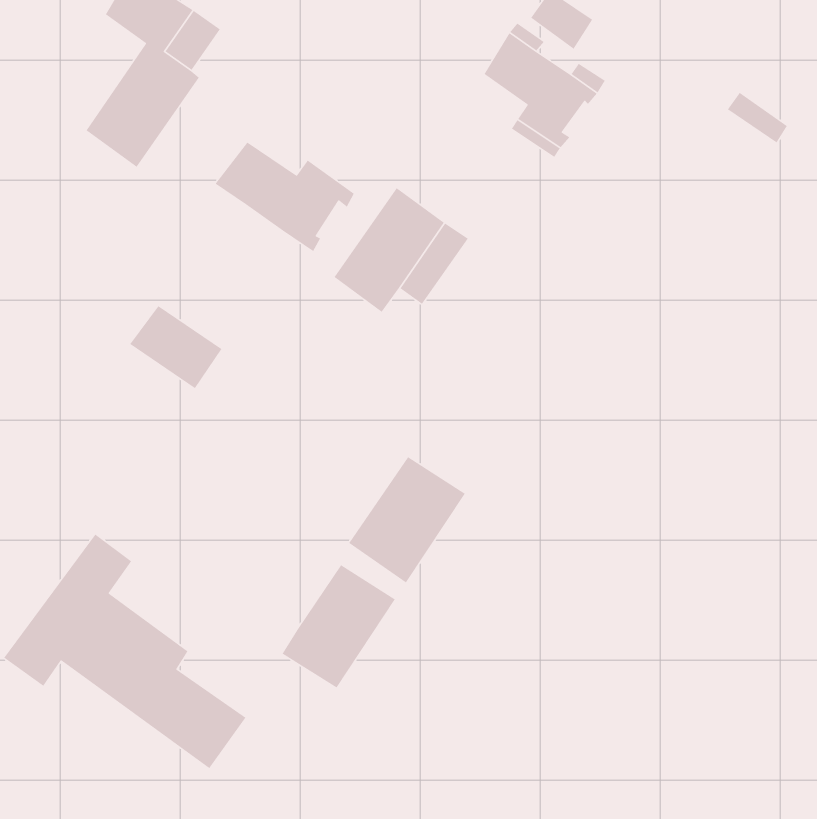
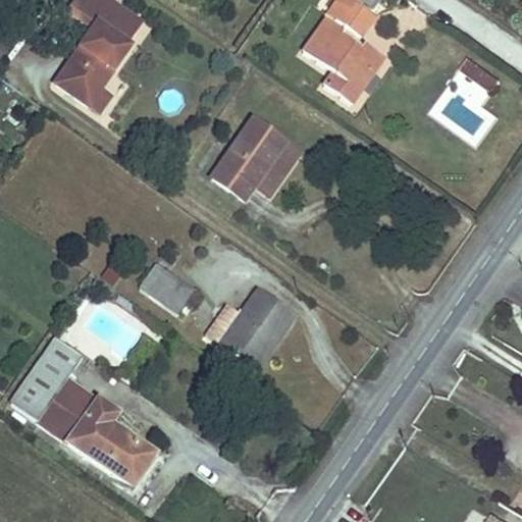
building: [215,142,355,252] -> none
building: [129,305,223,389] -> [140,264,199,317]
building: [282,564,396,688] -> none

